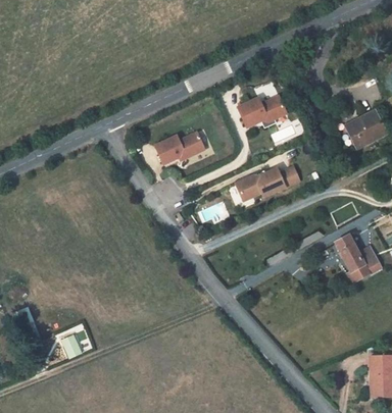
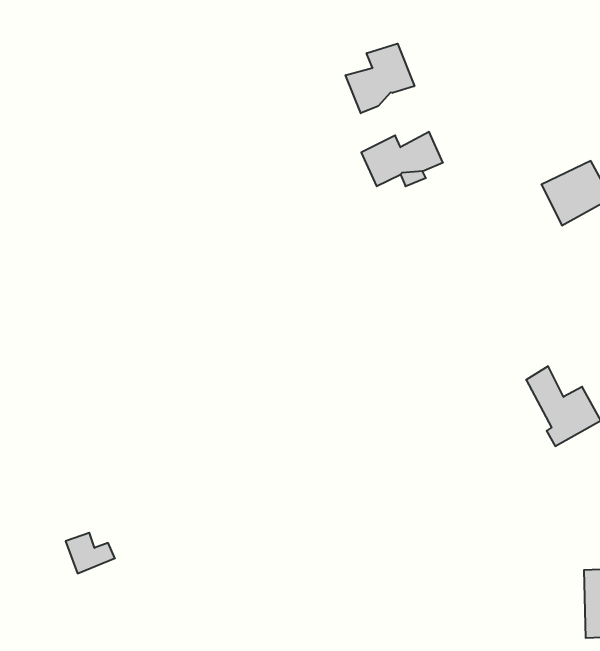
building: none -> [346,44,414,113]
building: [154,132,204,164] -> none
building: [235,165,299,200] -> none

